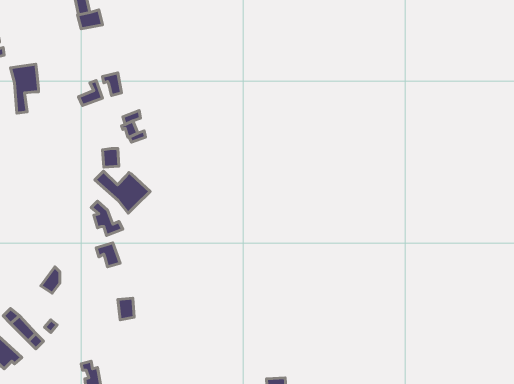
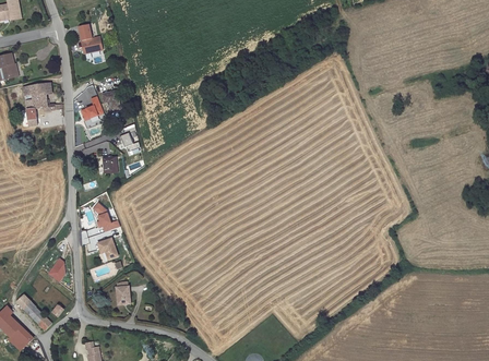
building: [95,171,150,213] -> none

